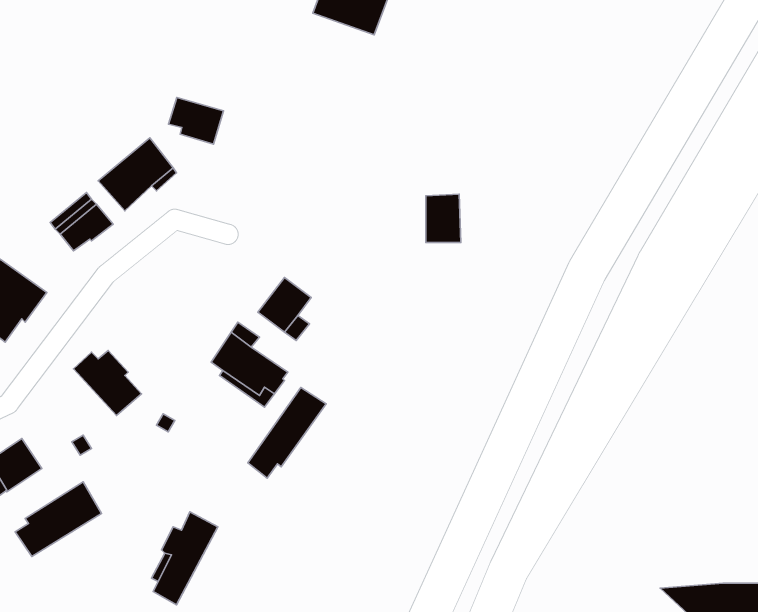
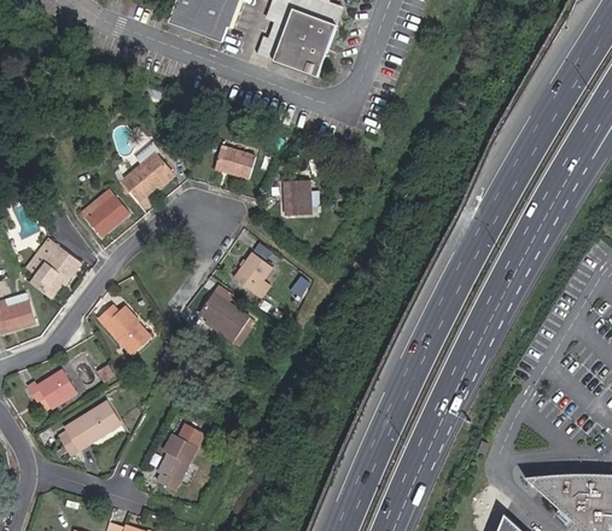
building: [169,98,223,144] -> [215,146,255,180]
building: [426,194,461,243] -> [285,181,310,216]
building: [248,388,326,478] -> none

